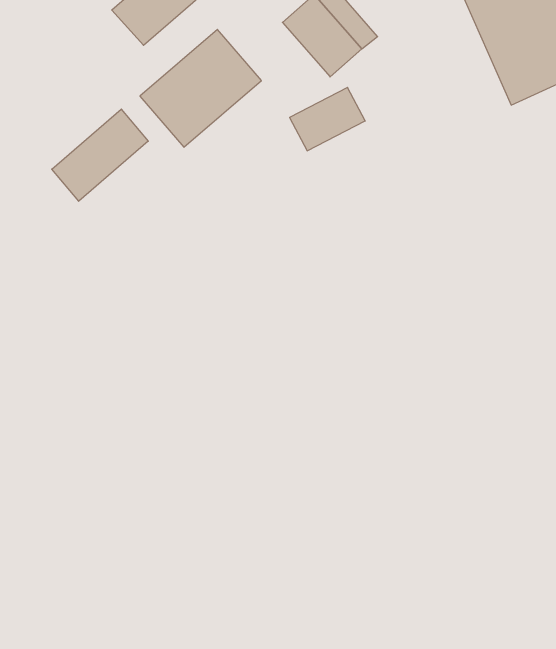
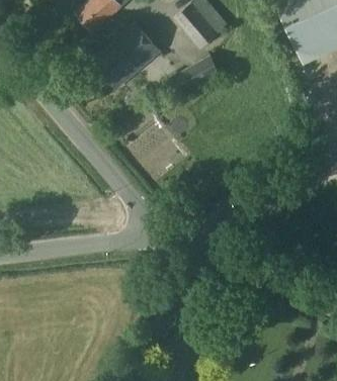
building: [52,109,148,201] -> none

